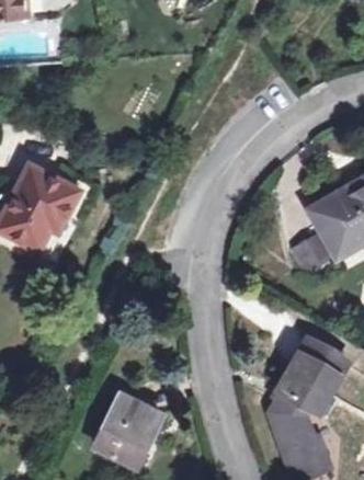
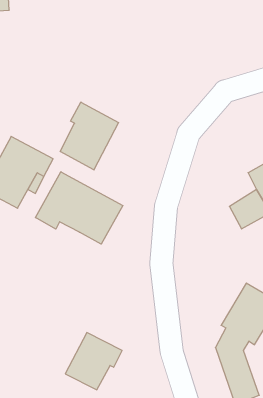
building: none -> [60,102,119,170]
building: none -> [35,172,123,244]

